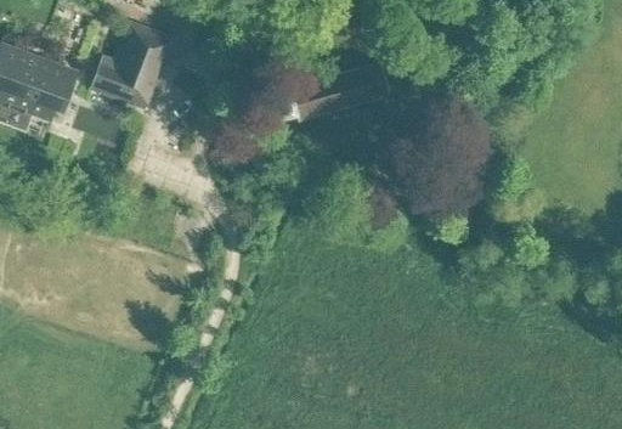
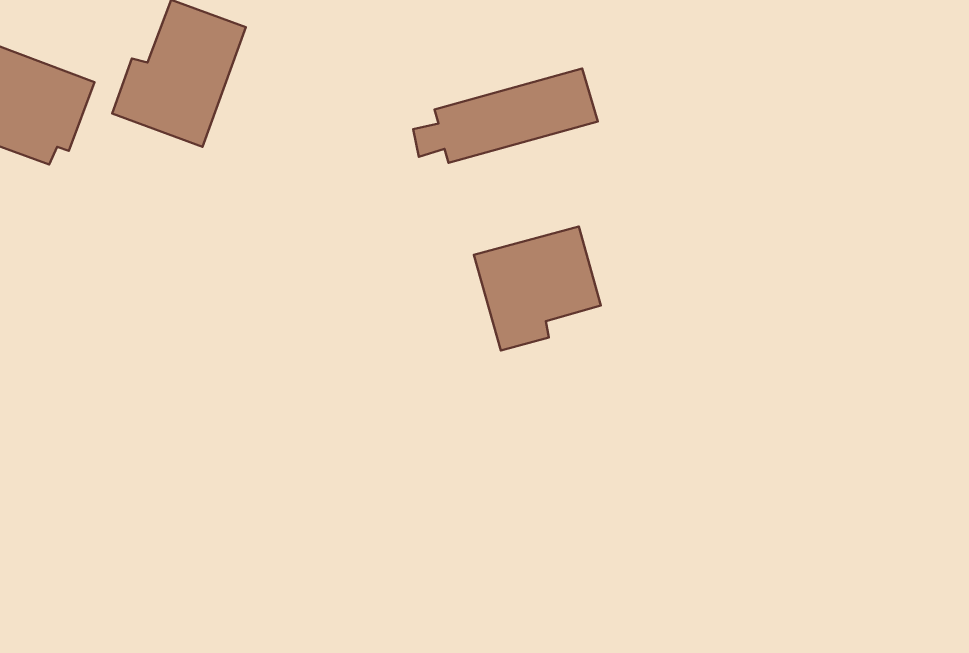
building: none -> [474,227,601,350]

